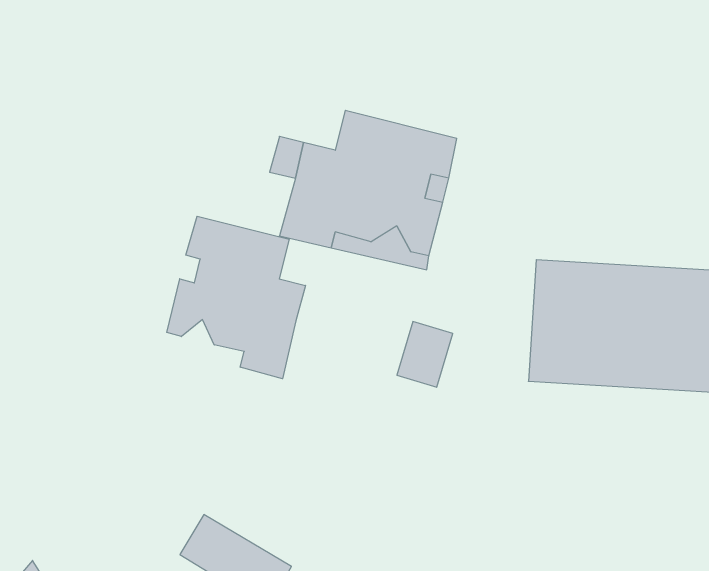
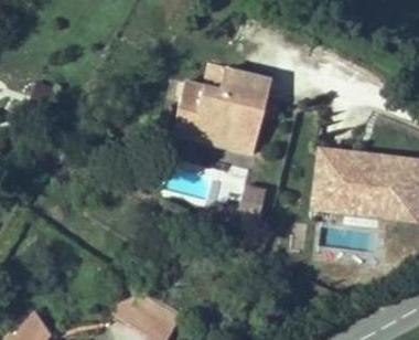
building: [167,216,305,379] -> none

